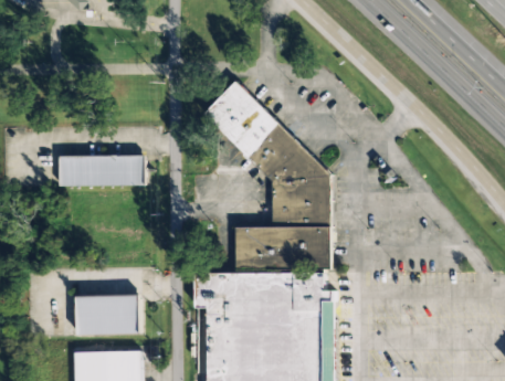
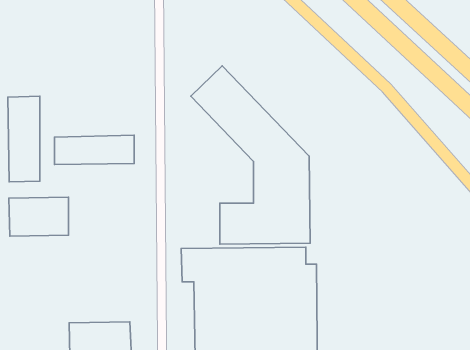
building: none -> [8,96,40,182]
building: [76,294,139,335] -> [9,197,69,236]

